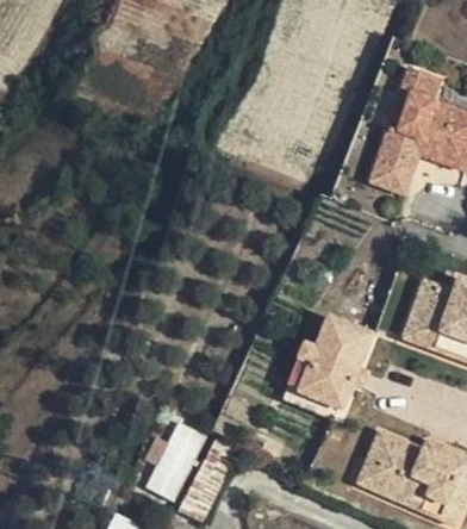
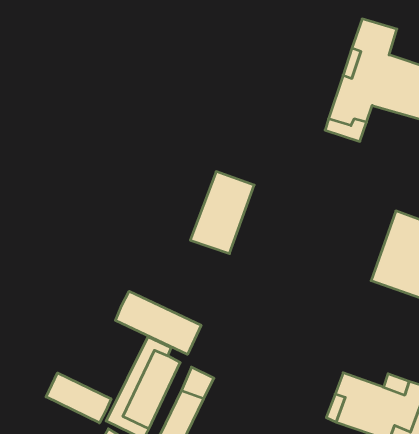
building: [297,315,365,402] -> [190,172,254,254]
building: none -> [115,291,201,354]
building: none -> [46,373,111,423]

